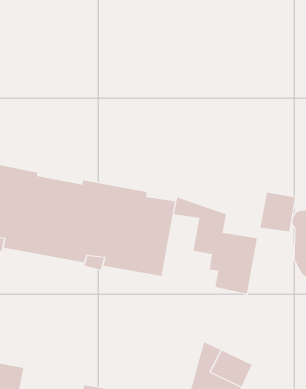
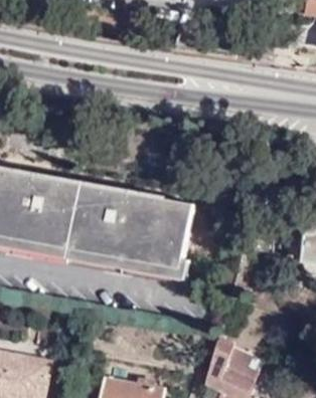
building: [260,192,295,232] -> none
building: [174,196,258,294] -> none

